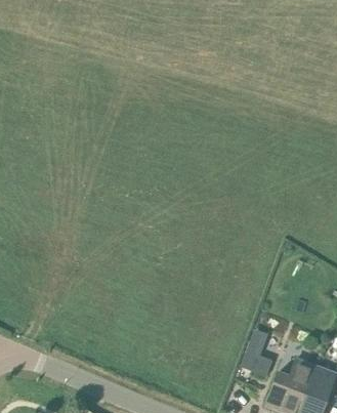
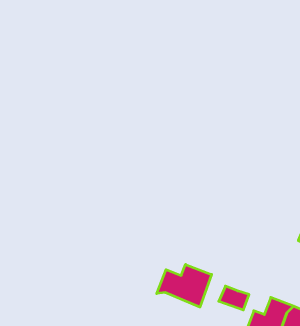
building: none -> [157,264,212,307]

